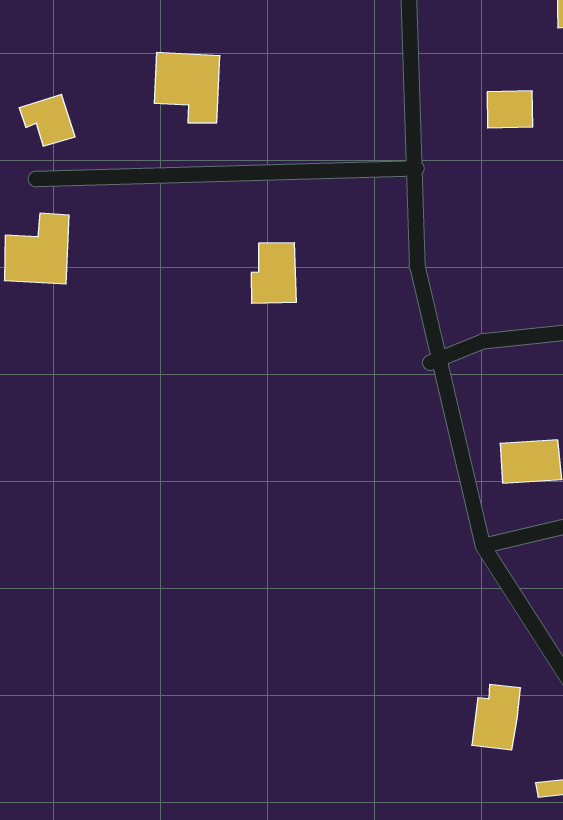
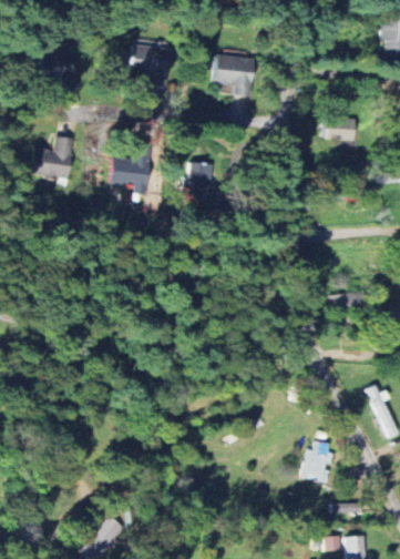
building: none -> [214,57,255,96]
building: [487,91,533,128] -> [327,118,356,141]
building: none -> [110,144,150,193]

